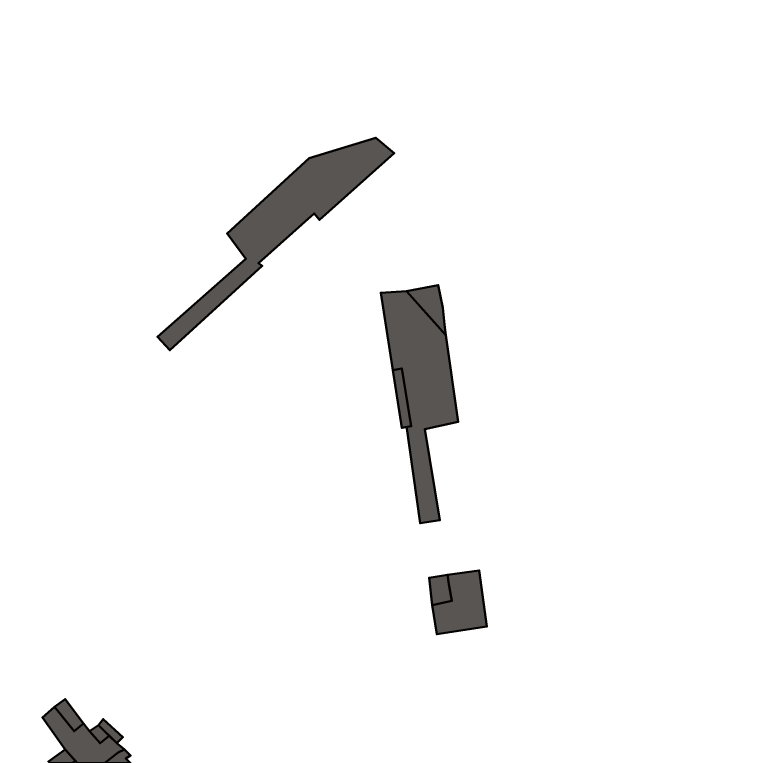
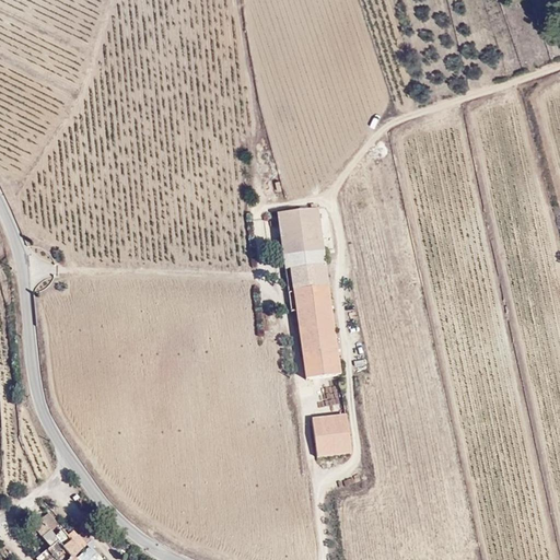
building: [158,138,394,350] -> none
building: none -> [308,304,342,375]

